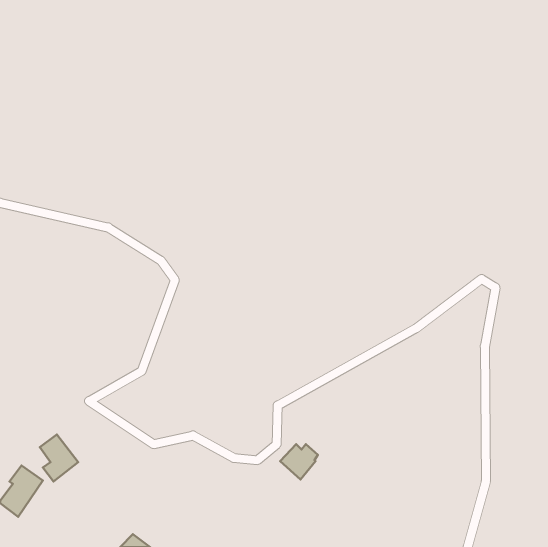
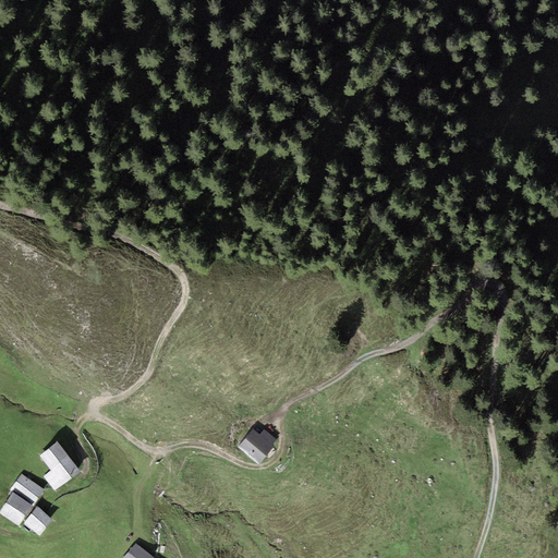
building: [280,444,318,479] -> [238,428,276,464]
building: none -> [24,506,52,535]

